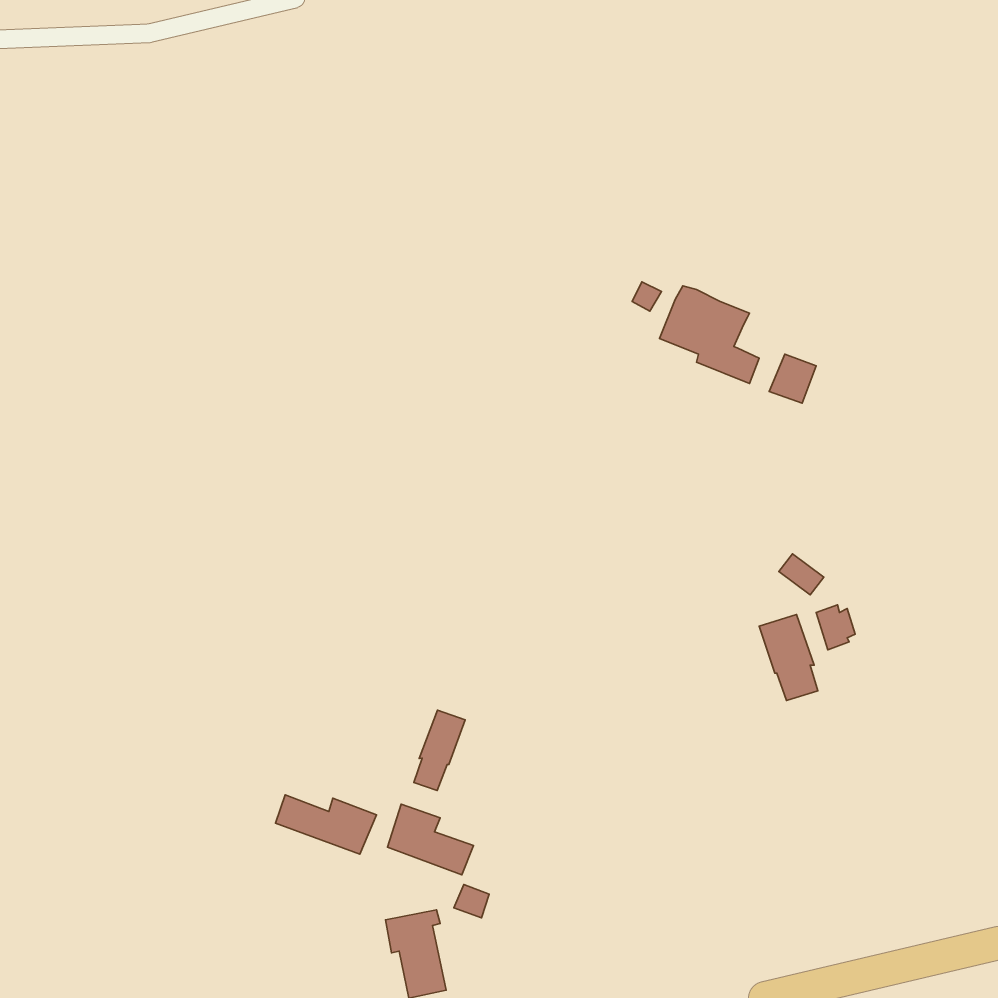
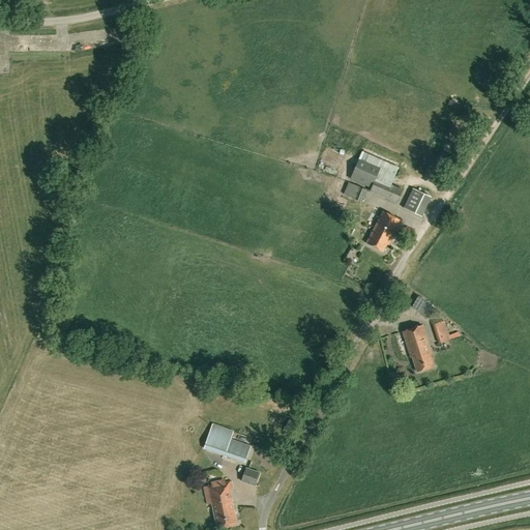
building: none -> [365,211,400,252]
building: [414,710,465,790] -> none
building: [276,795,377,854] -> none

